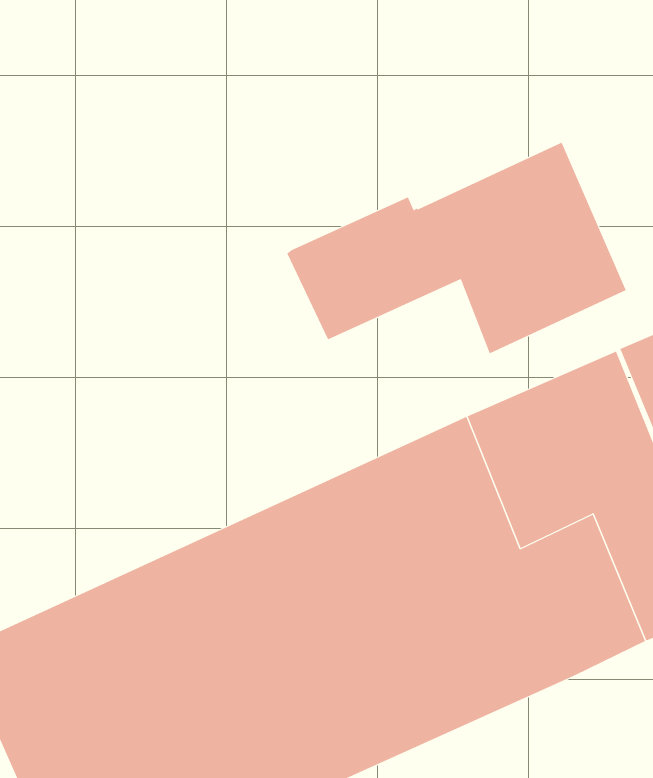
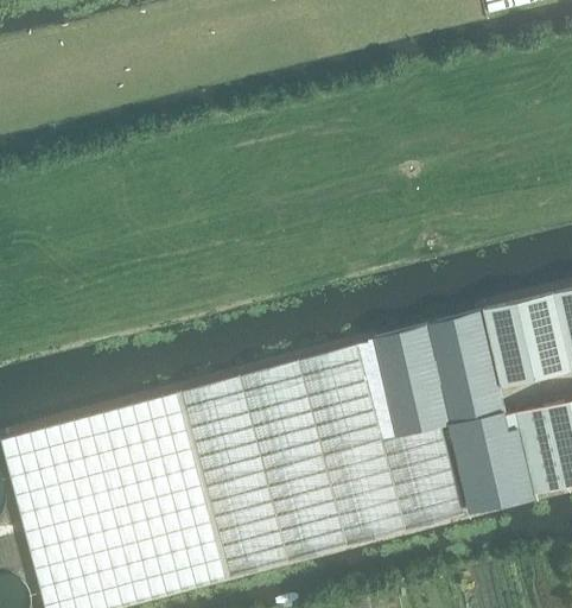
building: [287,142,626,354] -> none

